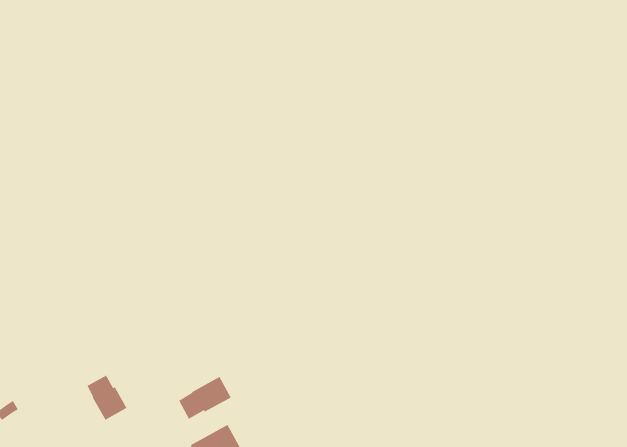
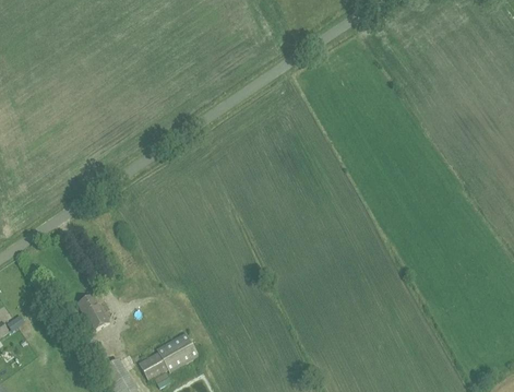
building: [178,376,232,420] -> none

